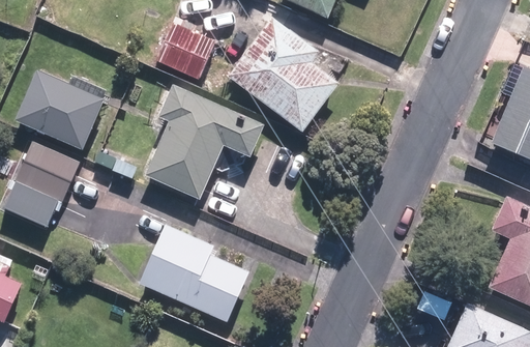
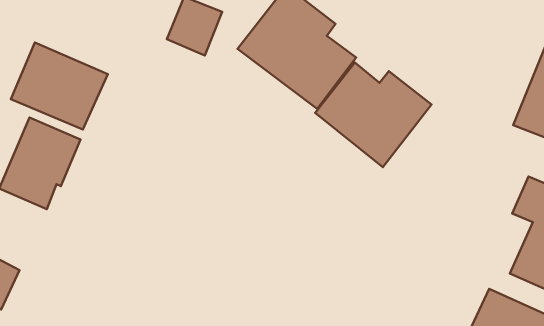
building: [147,82,266,198] -> none
building: none -> [315,62,432,167]
building: [140,225,251,323] -> none

